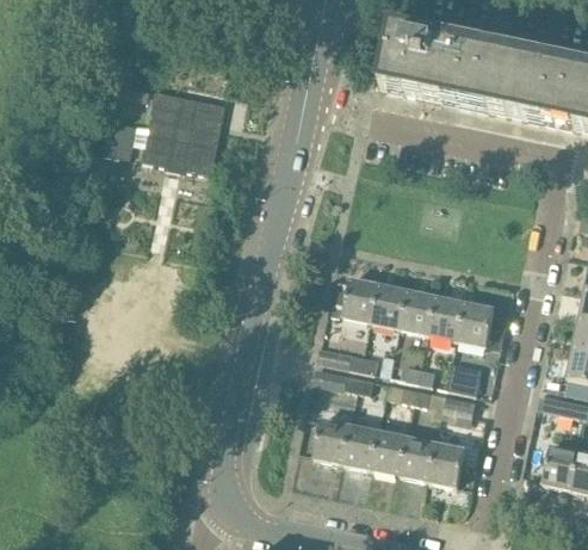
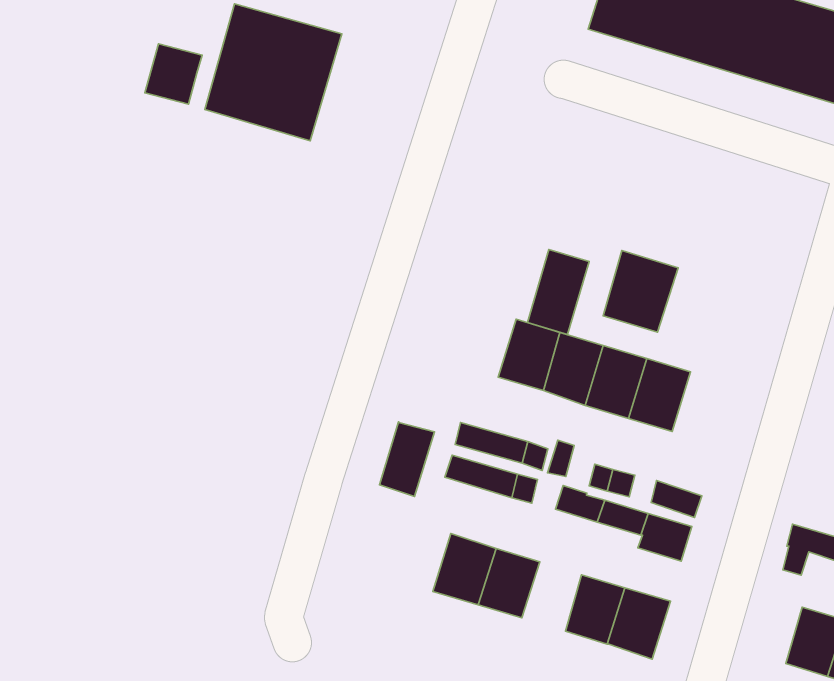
building: none -> [603,251,678,332]
building: none -> [528,249,589,335]
building: [458,302,495,347] -> none
building: none -> [380,422,434,497]
building: [372,432,408,475] -> none

